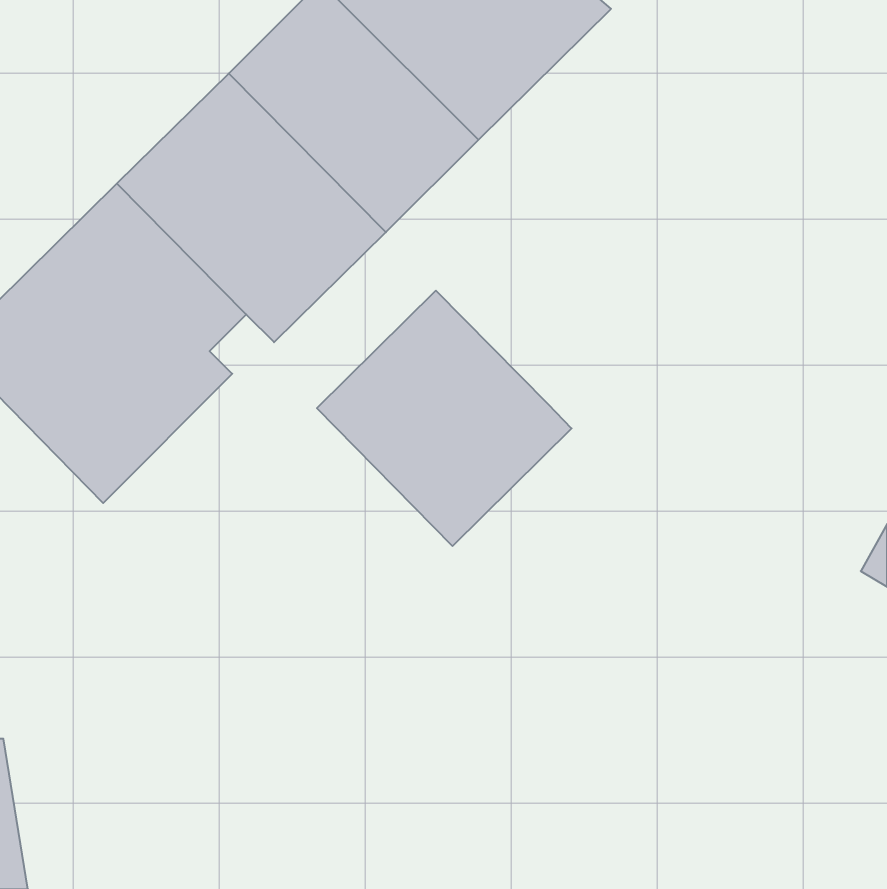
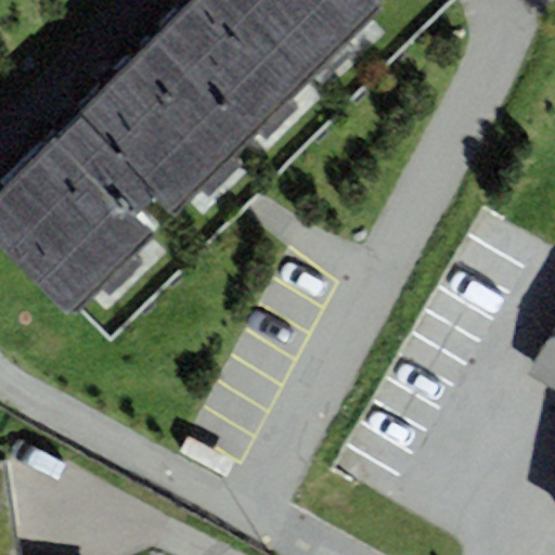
building: [317,291,572,546] -> none

